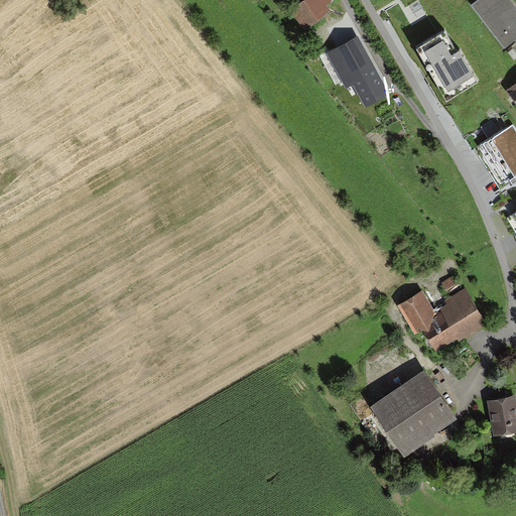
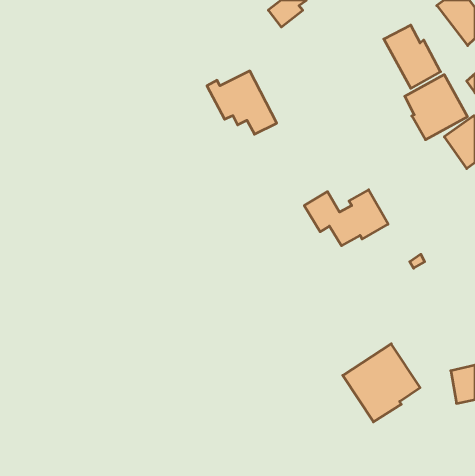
building: [316,35,392,104] -> [207,71,277,134]
building: none -> [405,75,467,140]
building: [397,288,488,349] -> [304,190,388,246]

